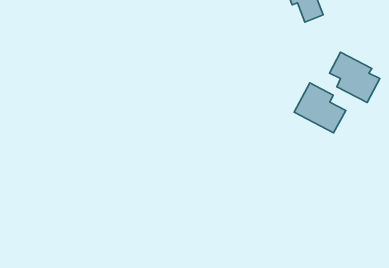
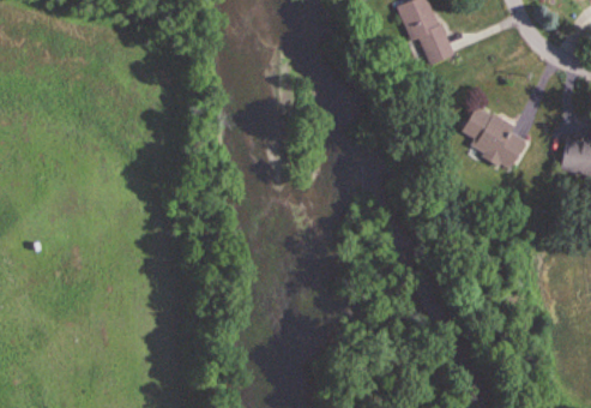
building: [294,83,346,133] -> none

